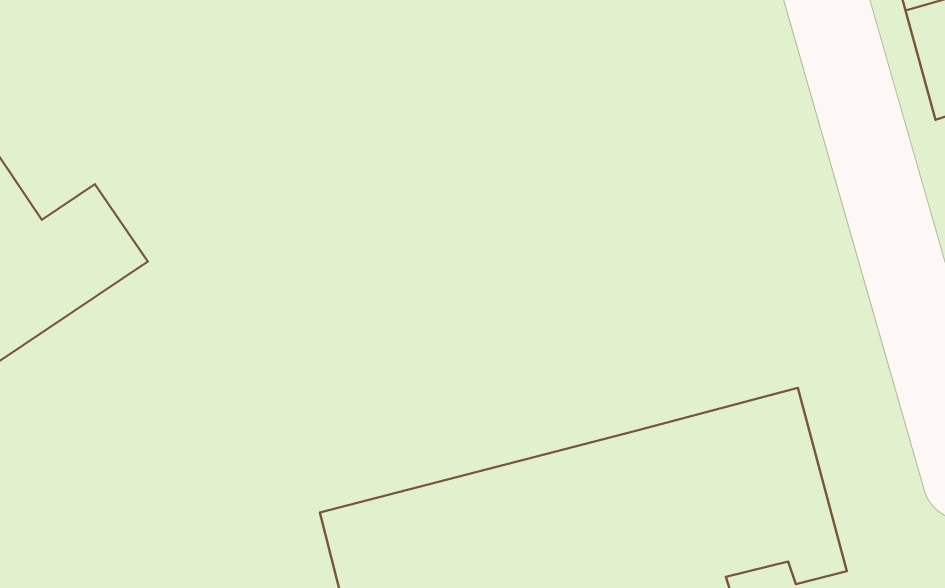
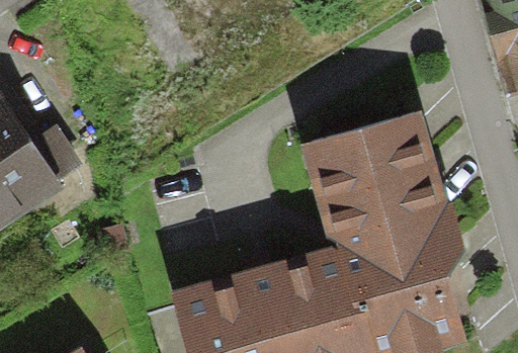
building: none -> [317,116,435,253]

